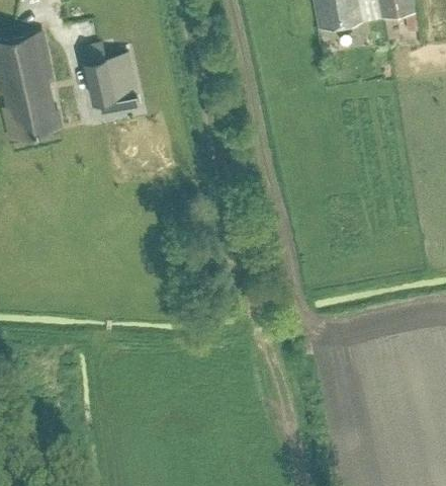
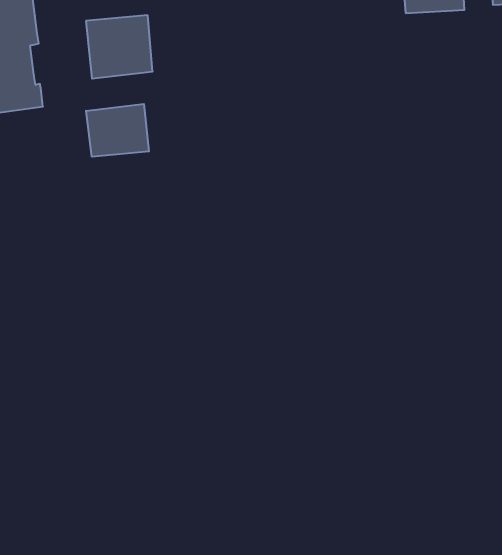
building: none -> [86,104,149,157]

